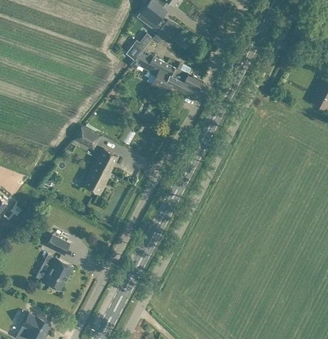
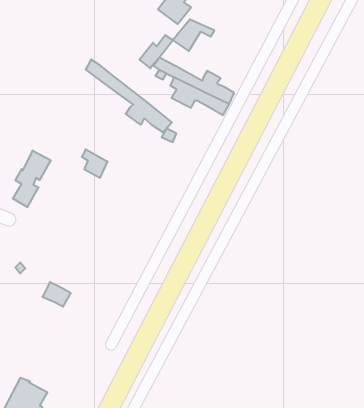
building: none -> [86,59,172,132]
building: [87,149,118,195] -> [13,151,51,207]
building: [43,258,73,290] -> none

